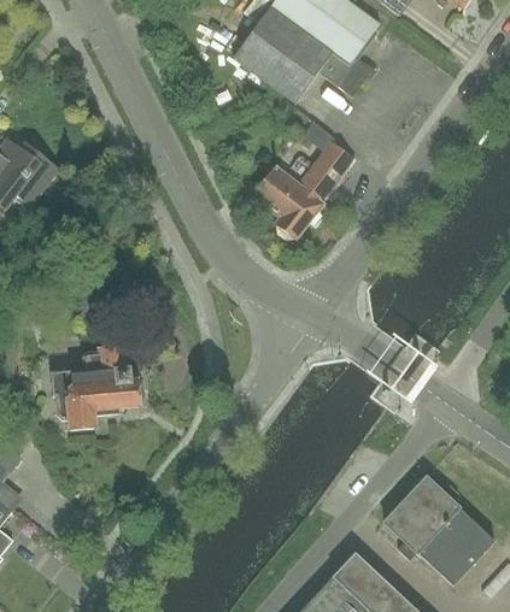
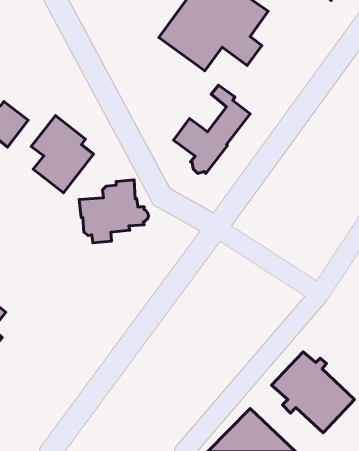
building: none -> [31,116,93,193]
building: [51,345,143,429] -> [79,180,149,243]

